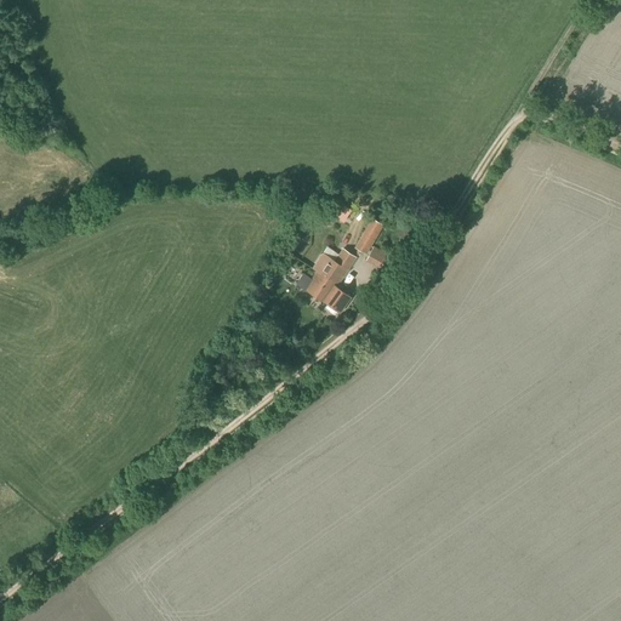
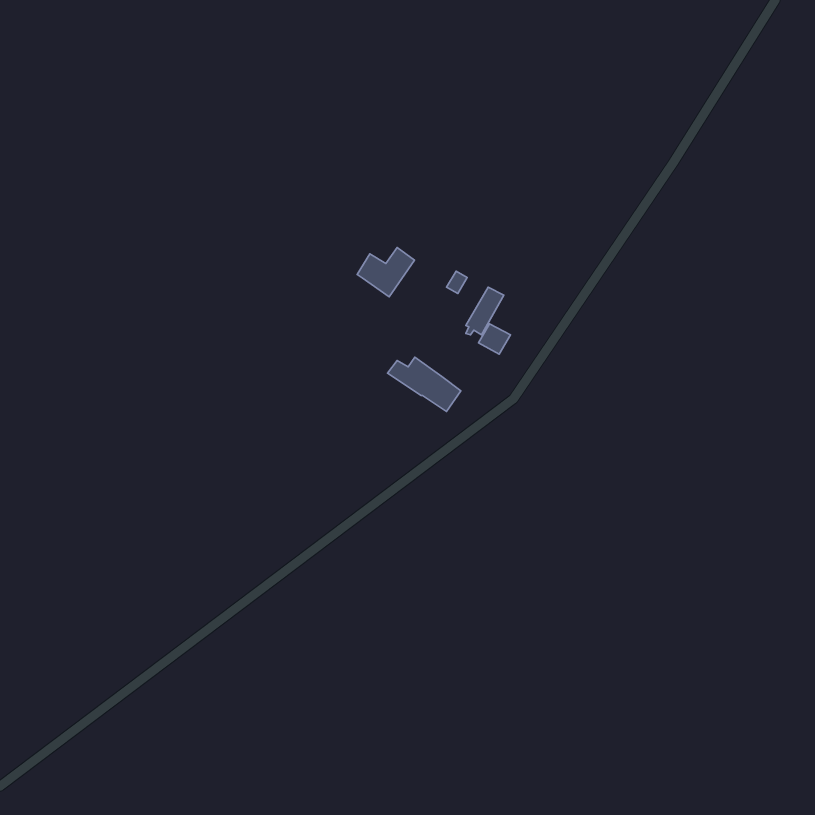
building: [312,249,355,286] -> [357,247,415,297]

